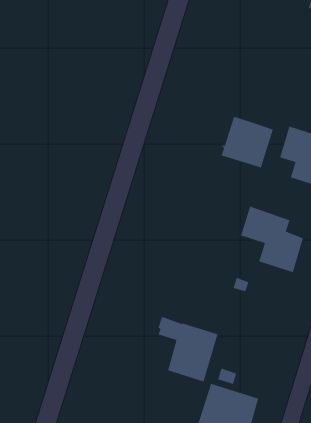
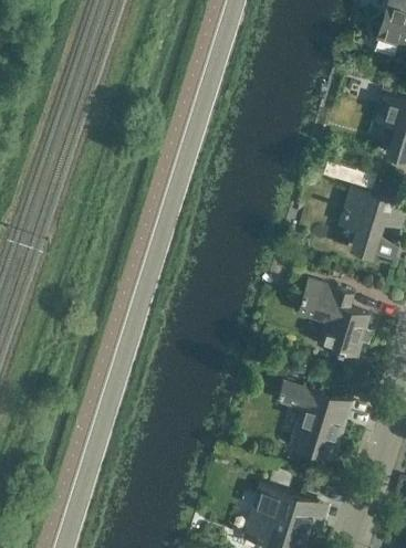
building: [220,116,274,168] -> none
building: [158,316,219,382] -> [280,382,351,460]

